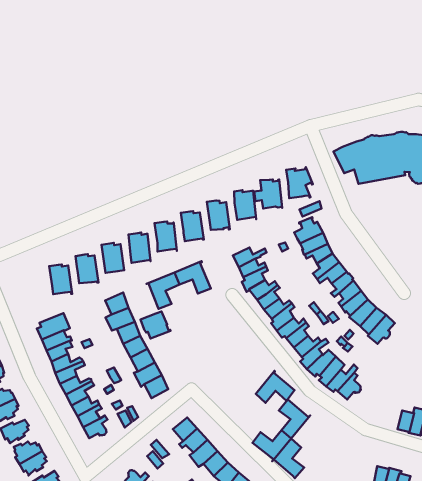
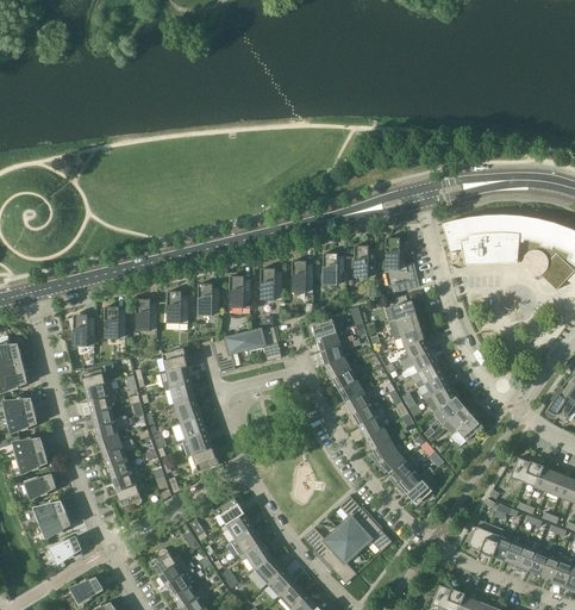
building: none -> [65,313,95,348]
building: [140,311,171,339] -> none
building: [256,371,295,403] -> [348,516,392,552]

